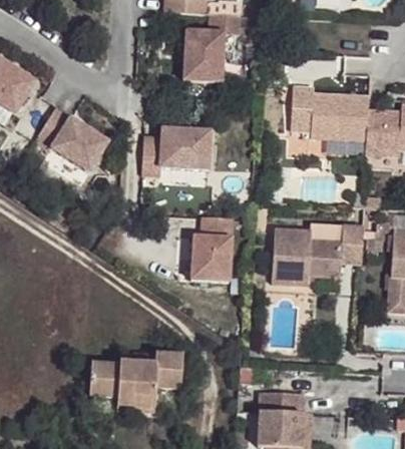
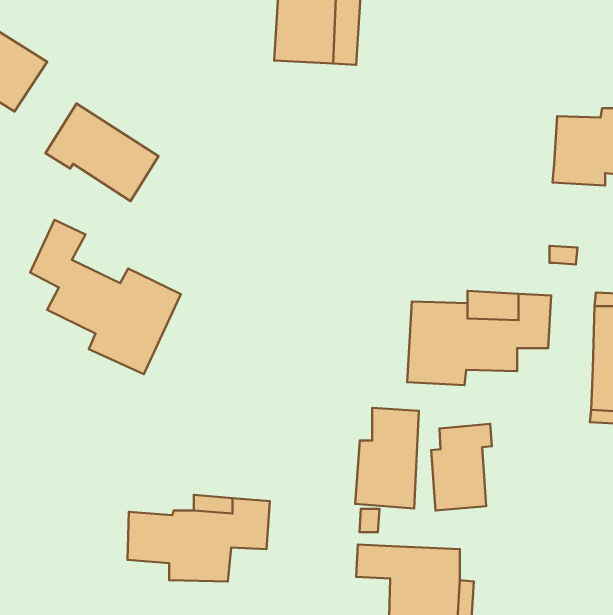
building: [289,89,368,143] -> none
building: [142,124,212,171] -> none
building: none -> [30,220,181,374]
building: [191,212,233,278] -> [355,408,419,508]
building: none -> [431,424,492,511]

